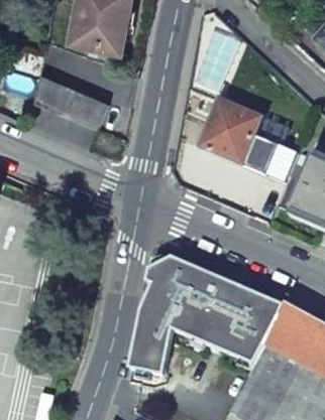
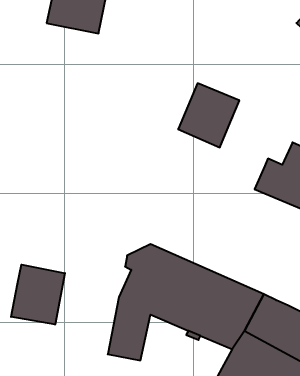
building: [32,72,107,126] -> none
building: [241,133,297,180] -> none
building: none -> [11,265,65,325]

